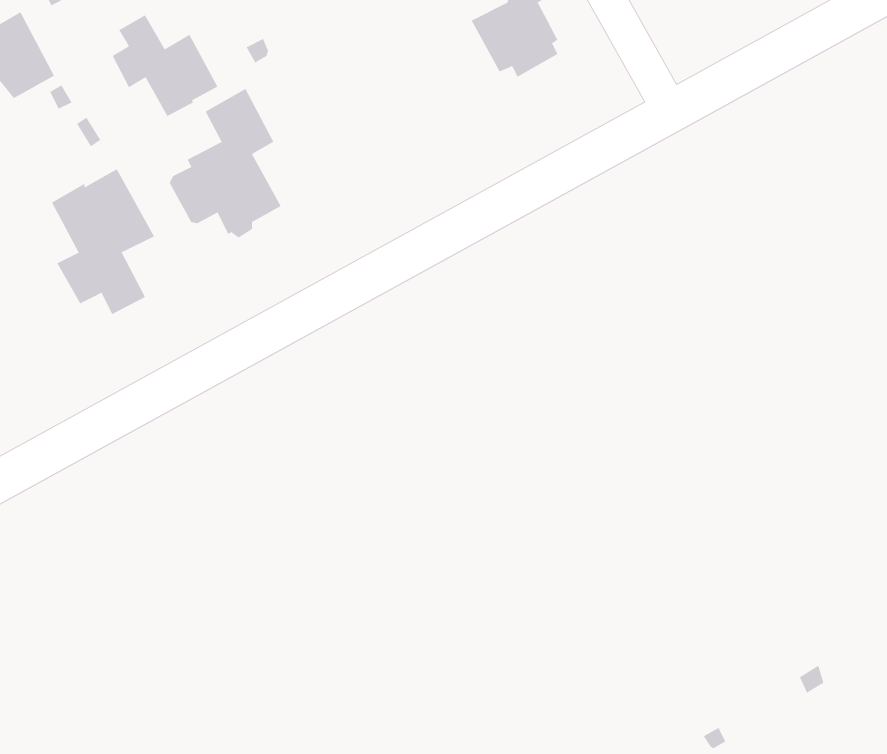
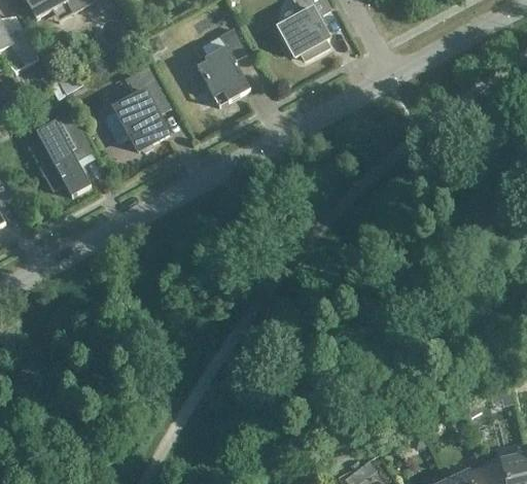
building: [112,15,218,117] -> none
building: none -> [194,27,249,105]

